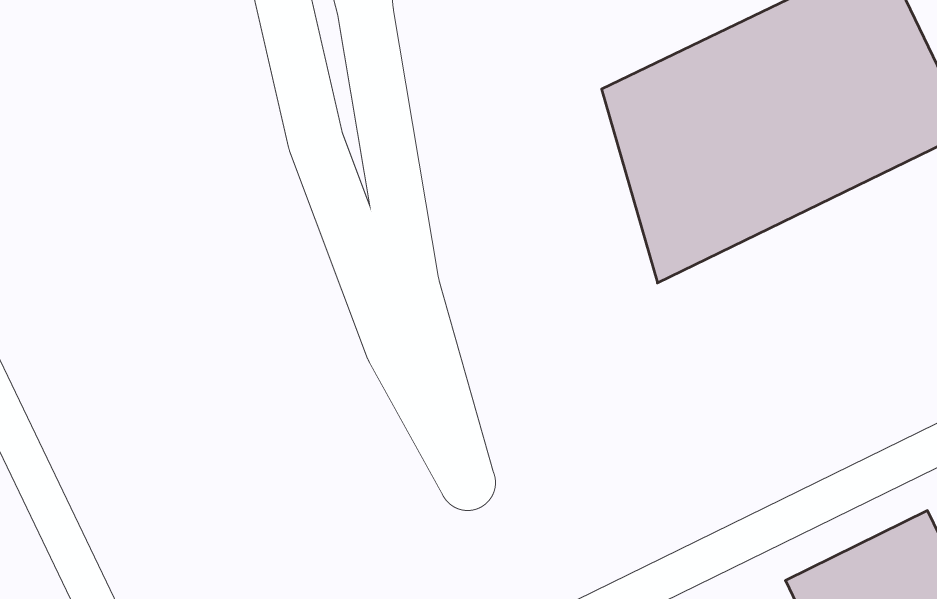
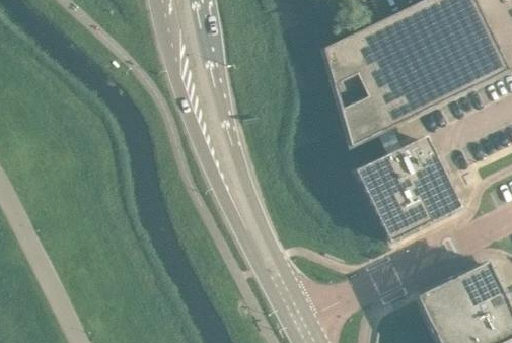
building: none -> [356,136,463,244]

